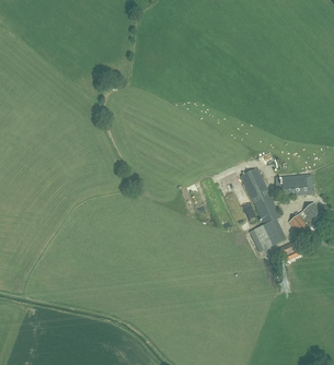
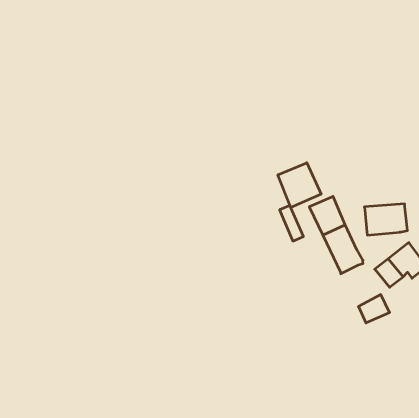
building: none -> [278,163,321,207]
building: [249,219,286,251] -> none

